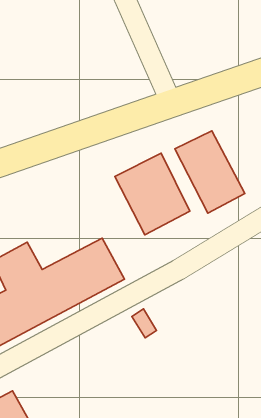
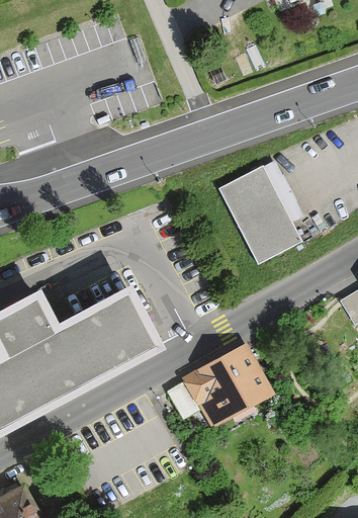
building: [115,153,190,235] -> none
building: none -> [185,342,269,423]

